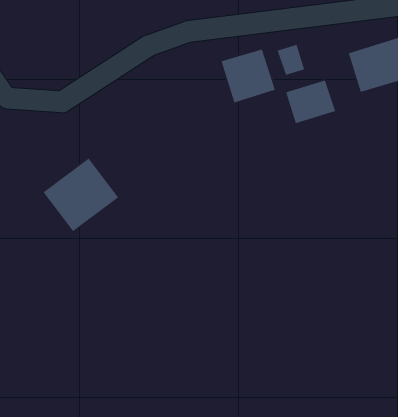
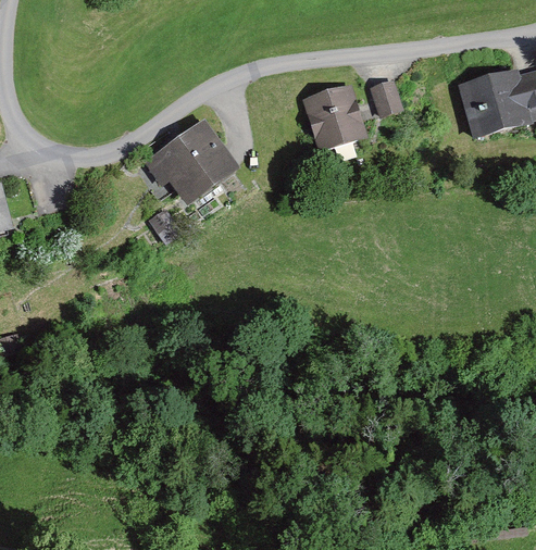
building: [285,79,336,124] -> none
building: [43,157,119,232] -> [147,120,240,211]

